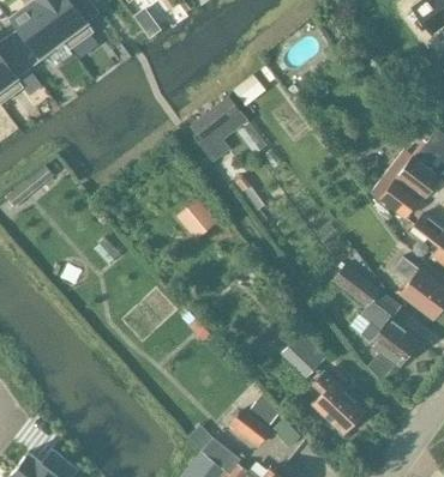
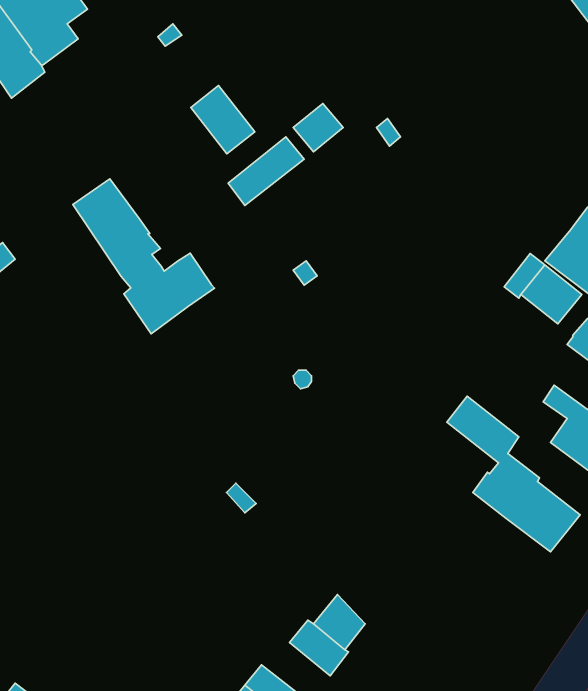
building: none -> [191,85,255,154]
building: none -> [73,179,215,334]
building: [179,195,222,238] -> none
building: [282,333,325,376] -> none
building: [312,373,365,434] -> none

